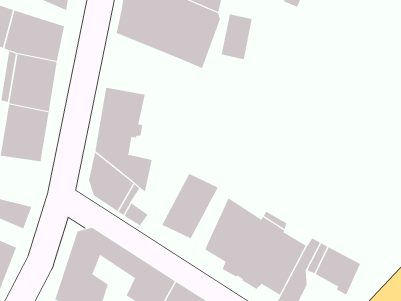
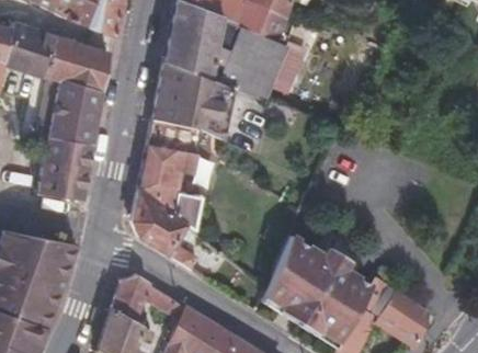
building: none -> [153,62,232,141]
building: [161,173,219,239] -> none

